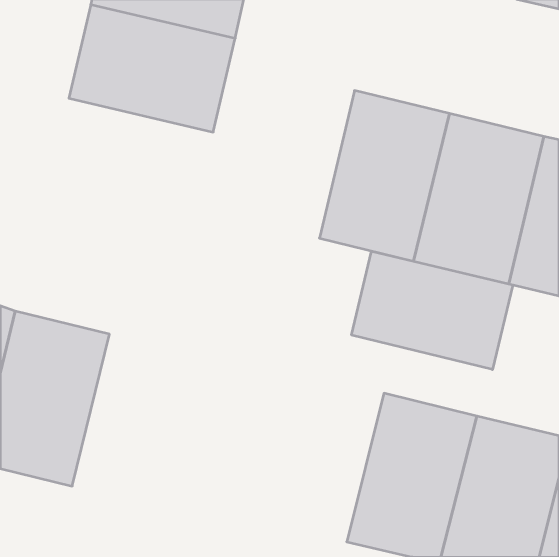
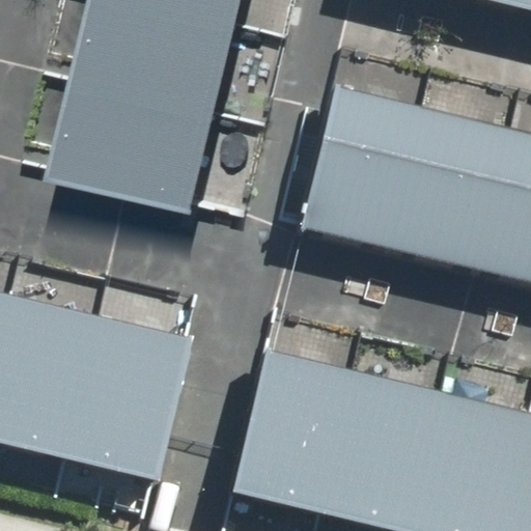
building: none -> [45,93,202,215]
building: [352,251,513,370] -> none
building: none -> [68,317,194,484]
building: none -> [242,352,364,514]

